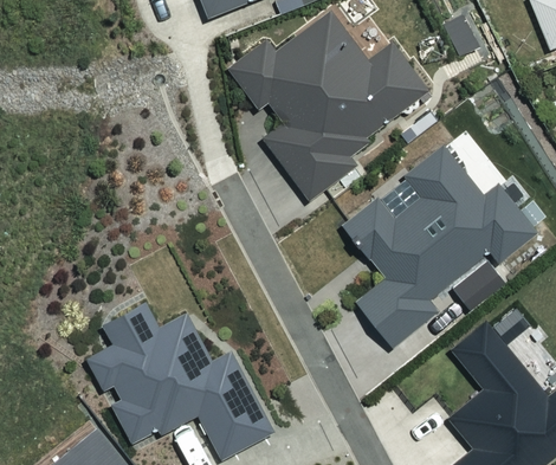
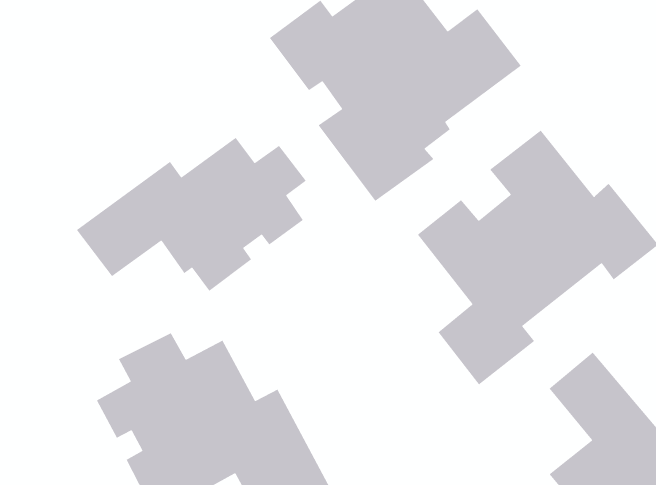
building: none -> [76,137,307,292]

